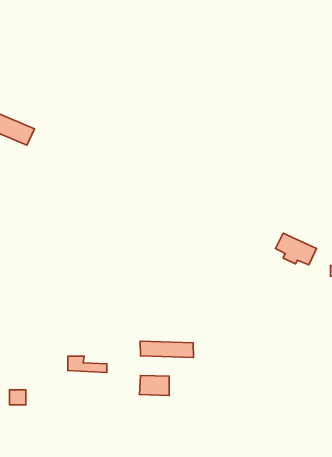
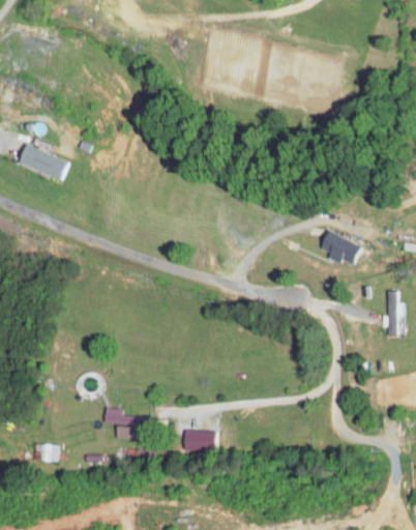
building: [275,233,317,265] -> [318,231,362,265]
building: [140,341,193,358] -> none

